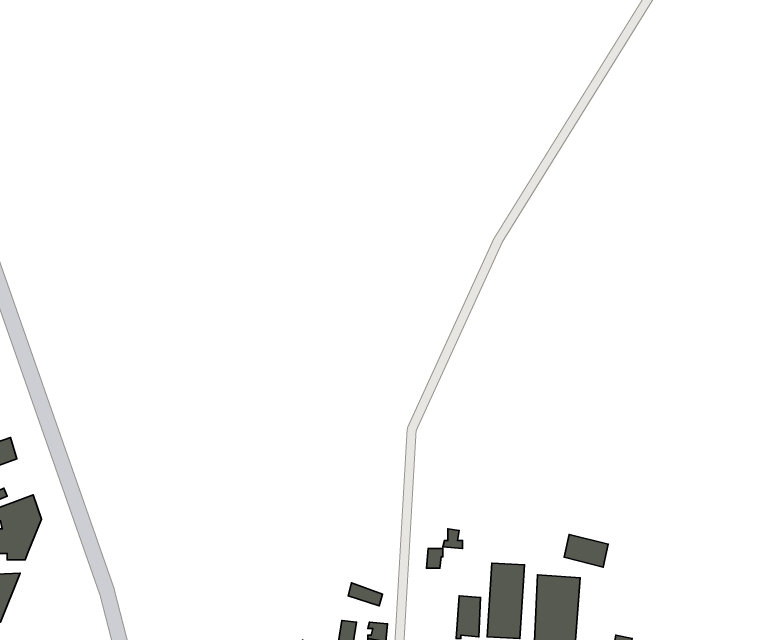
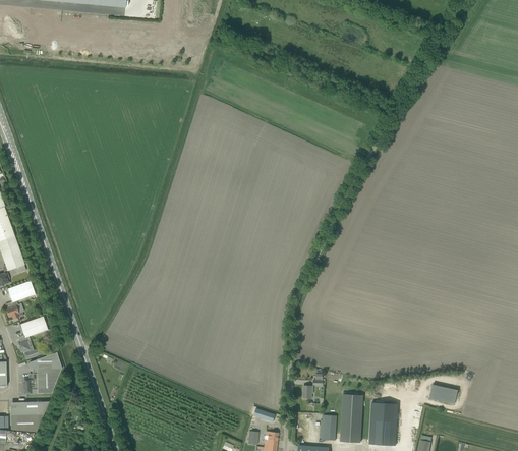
building: [564,534,608,567] -> [428,384,456,404]

